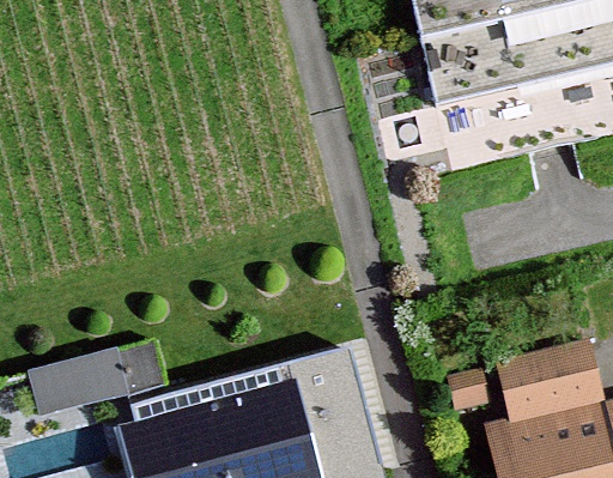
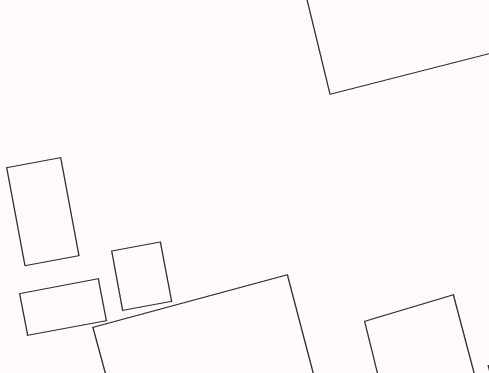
building: none -> [7,158,79,266]
building: none -> [112,242,171,311]

